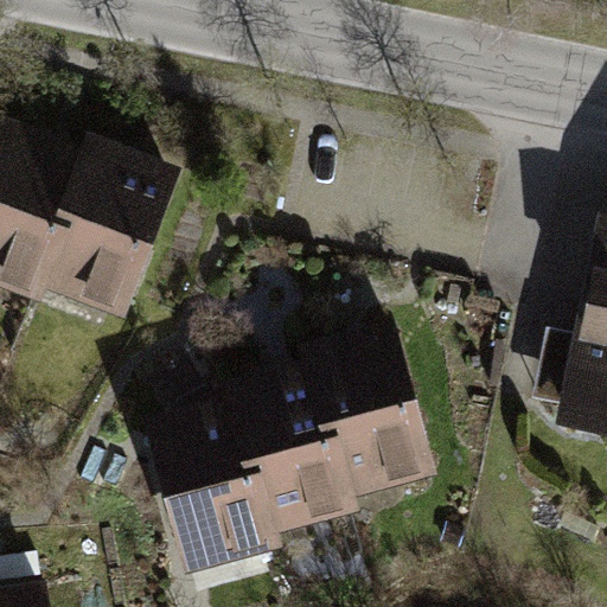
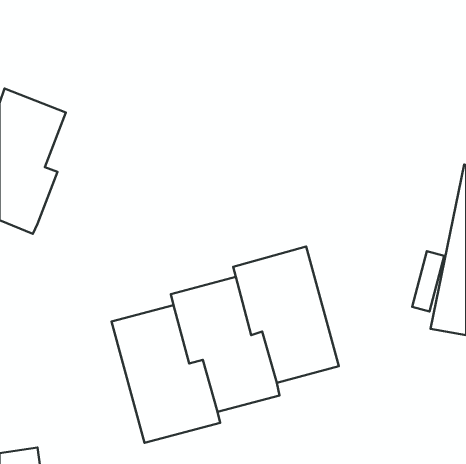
building: [49,138,185,324] -> none

